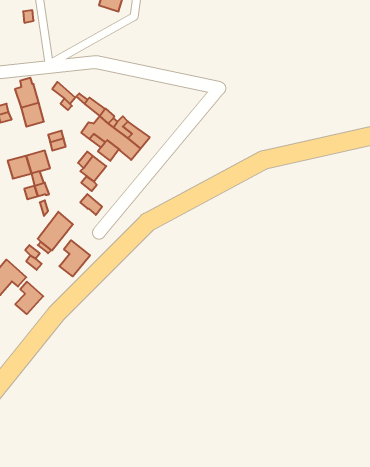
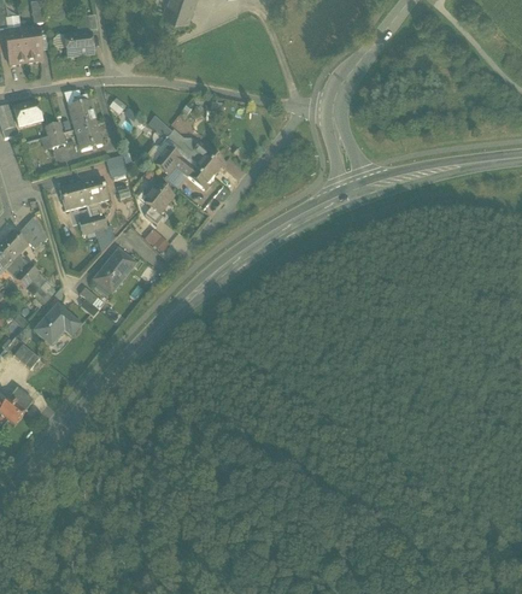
building: none -> [65,33,93,57]
building: [59,240,90,276] -> none
building: [15,282,43,314] -> none

